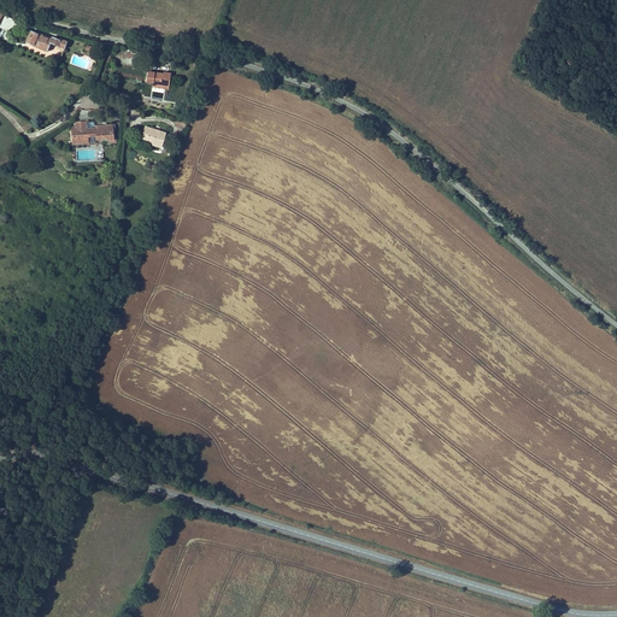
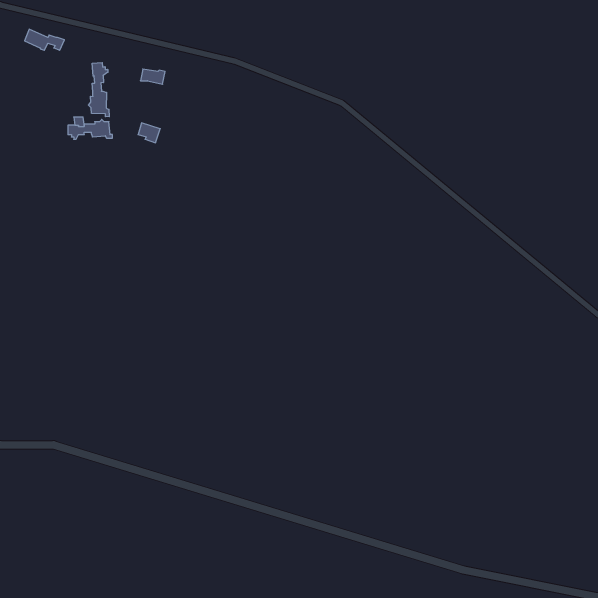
building: none -> [88,63,109,117]

